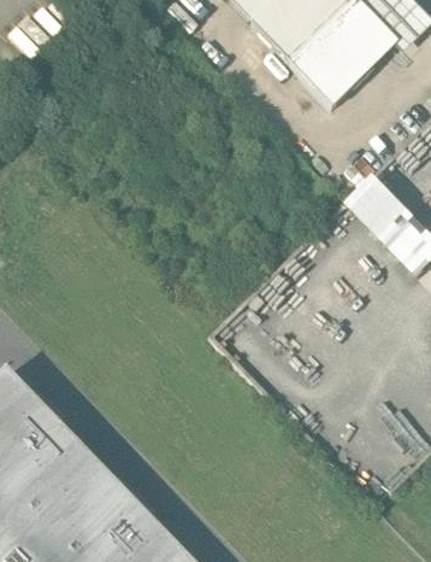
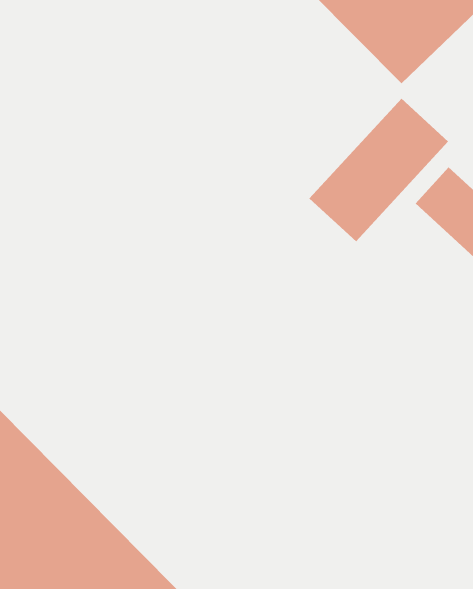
building: none -> [309,98,449,242]

